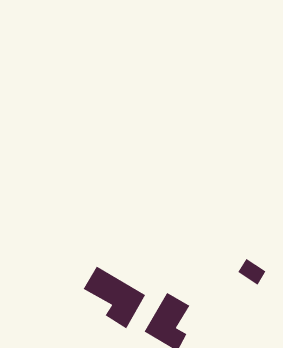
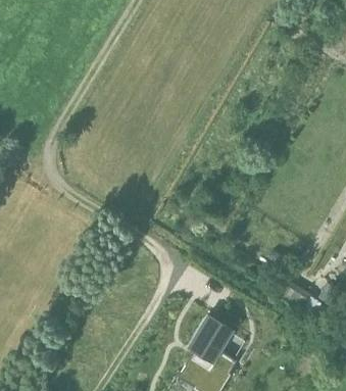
building: [83,266,146,329] -> none

